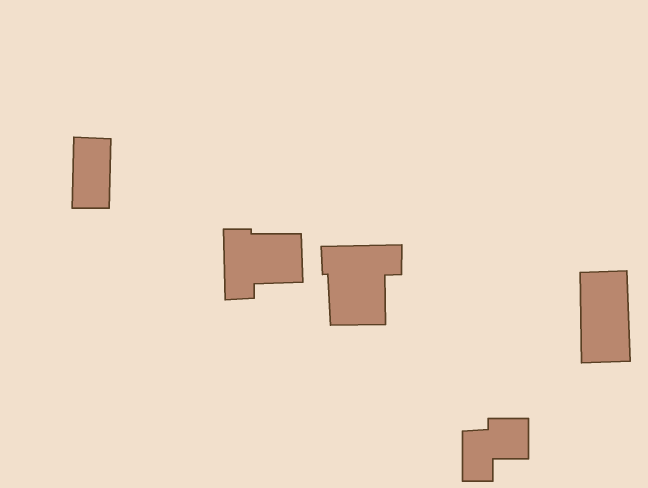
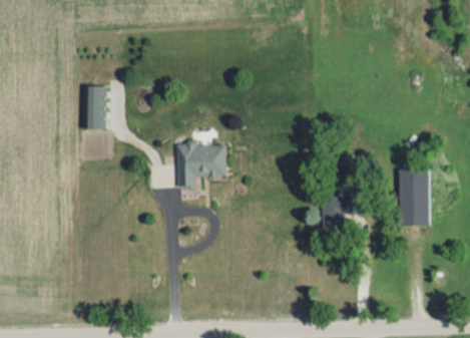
building: [321,245,402,325] -> none
building: [462,418,528,481] -> [322,191,363,230]

